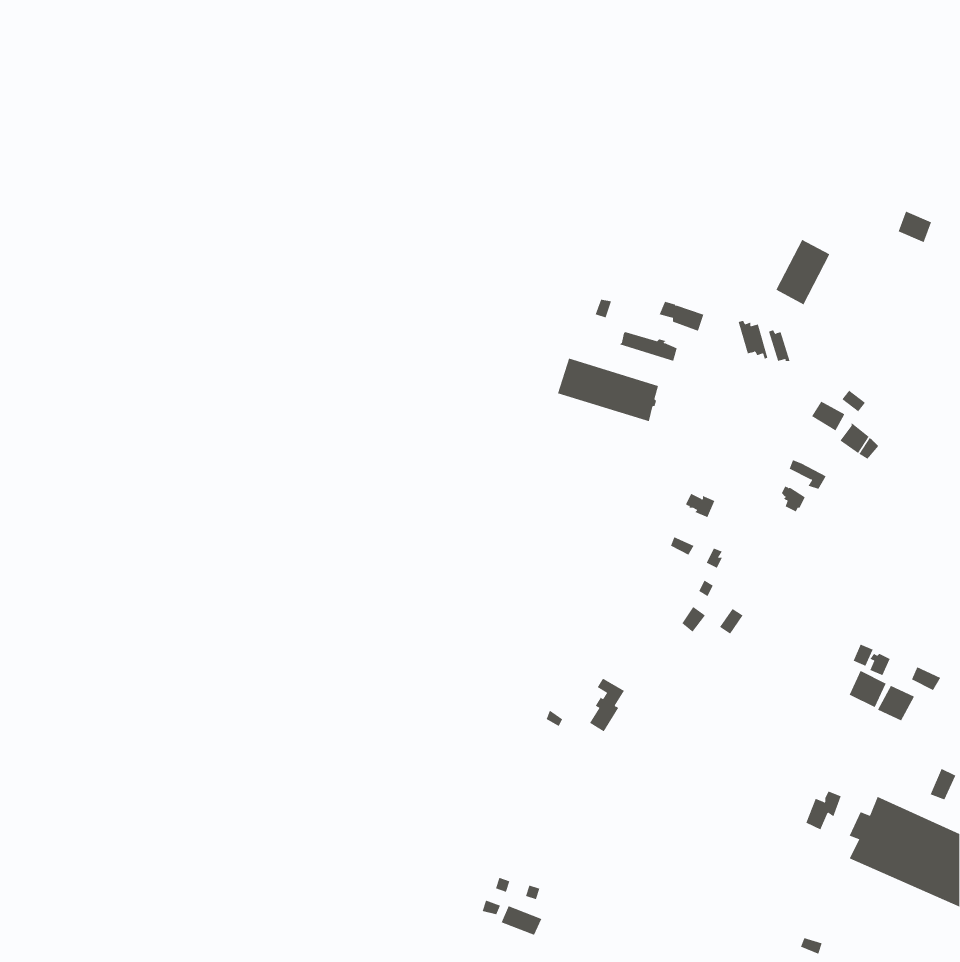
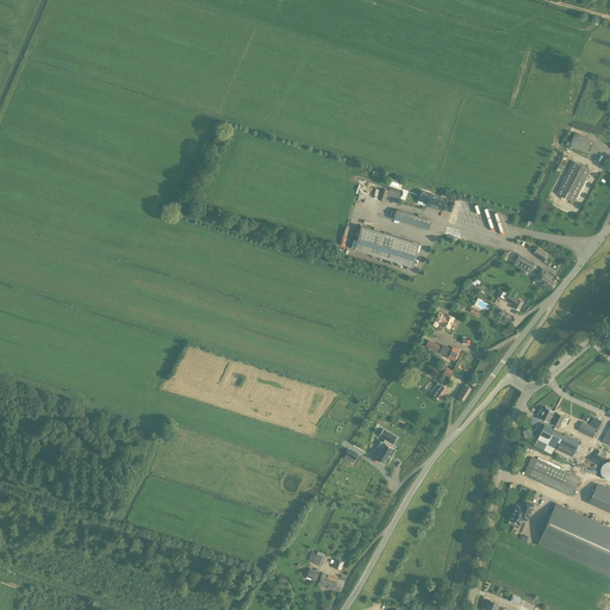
building: [776,239,830,305] -> [555,161,590,203]
building: none -> [523,458,579,496]

